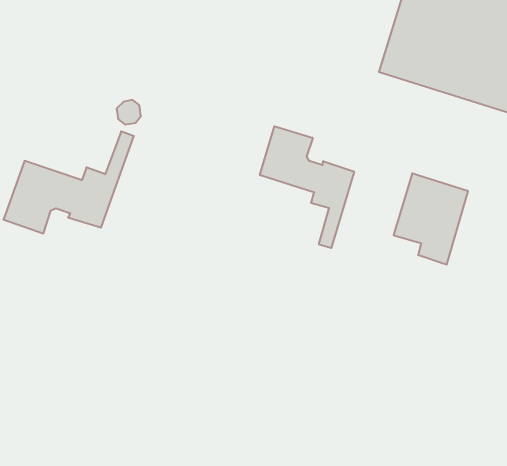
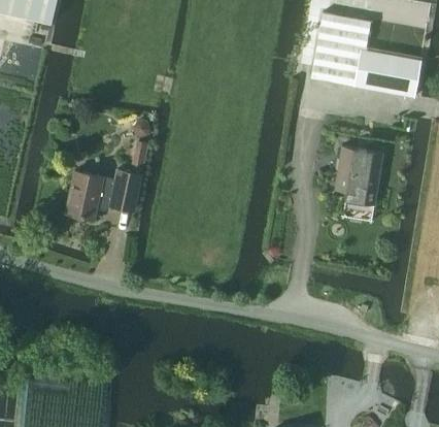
building: [260,126,354,248] -> none

